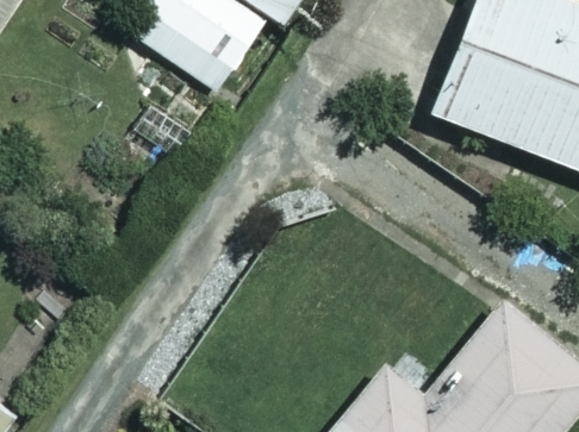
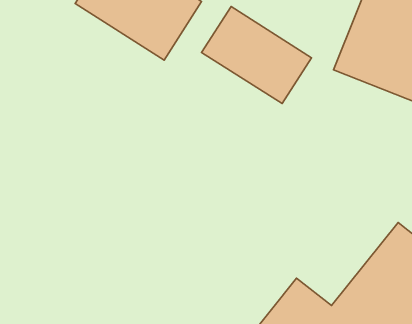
building: none -> [202,6,312,104]

